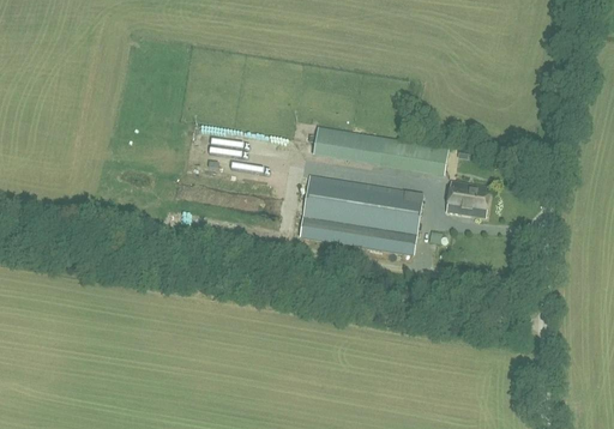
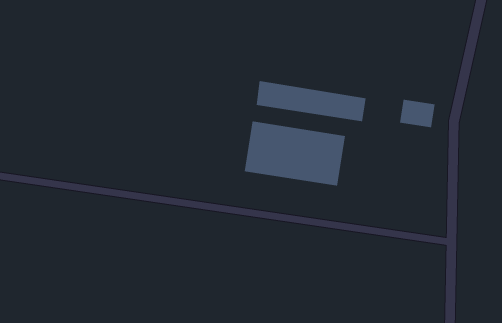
building: [446,182,490,217] -> [399,99,436,128]

